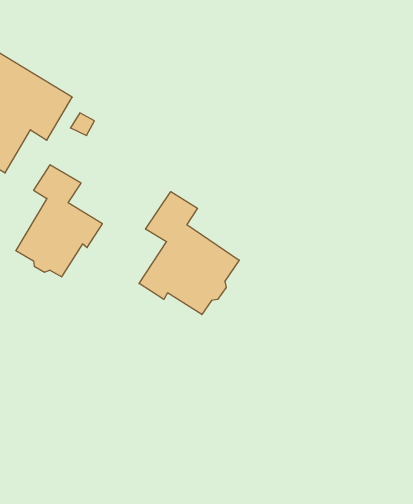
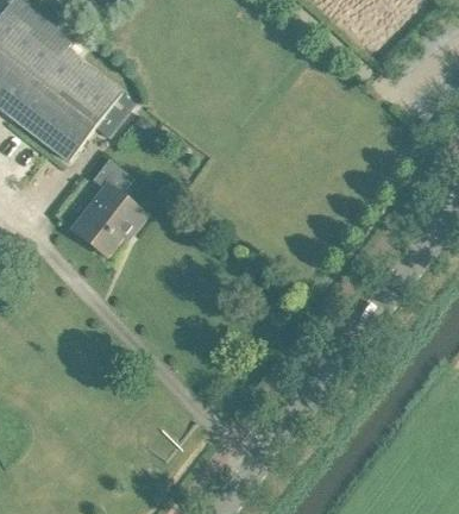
building: [139,192,239,315] -> none

